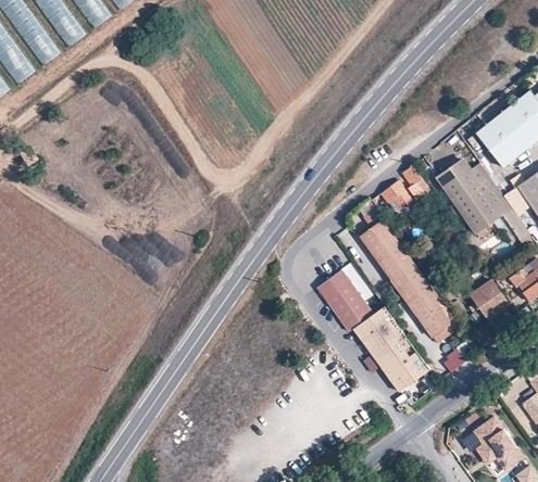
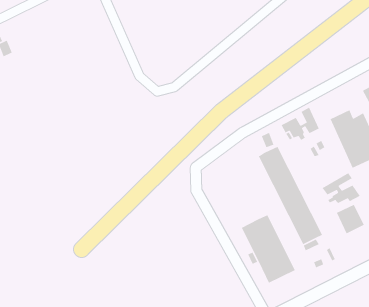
building: none -> [321,172,361,204]
building: [316,270,372,331] -> none

